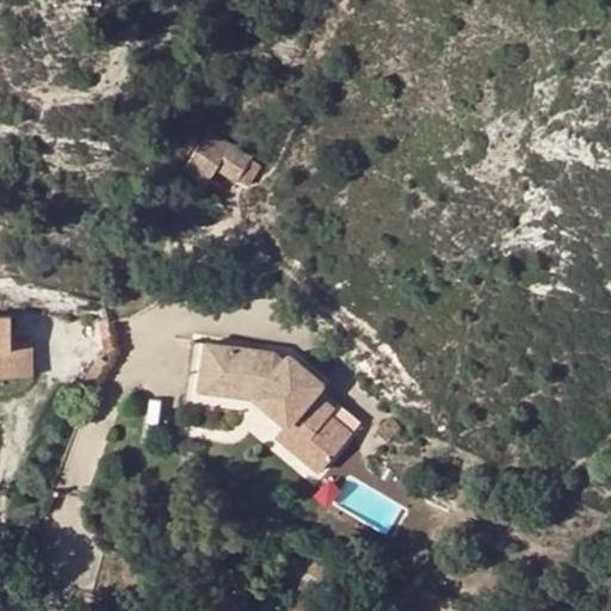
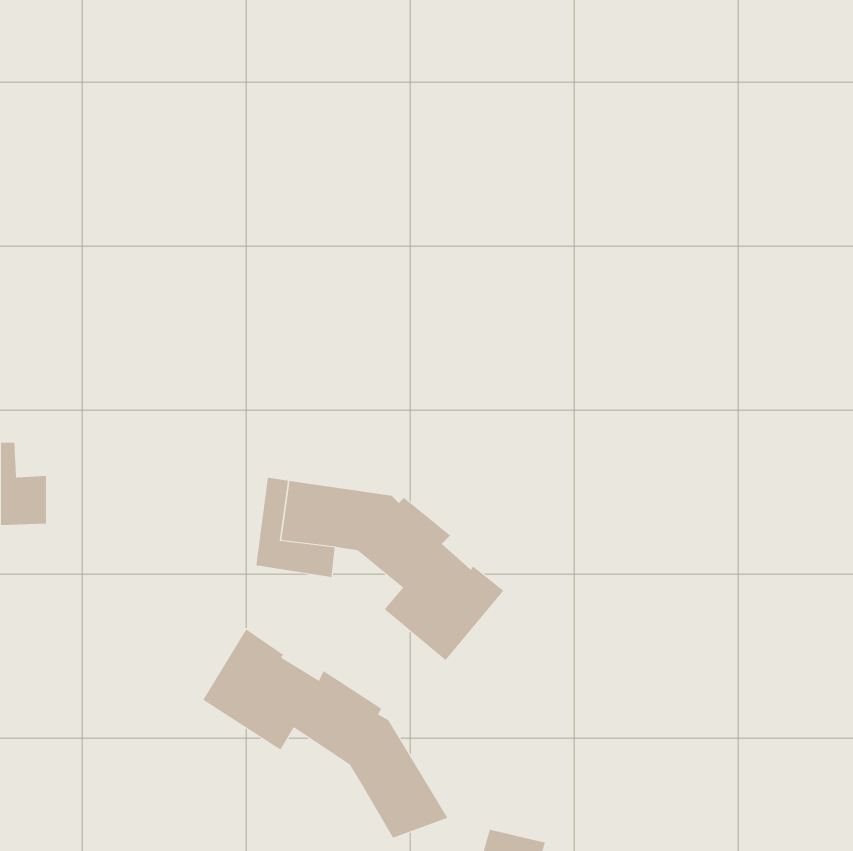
building: [185,130,266,191] -> none
building: none -> [203,629,448,839]

